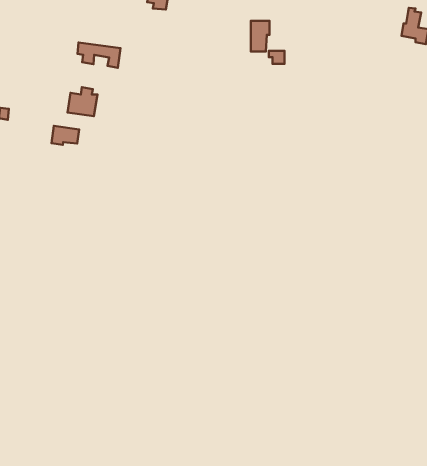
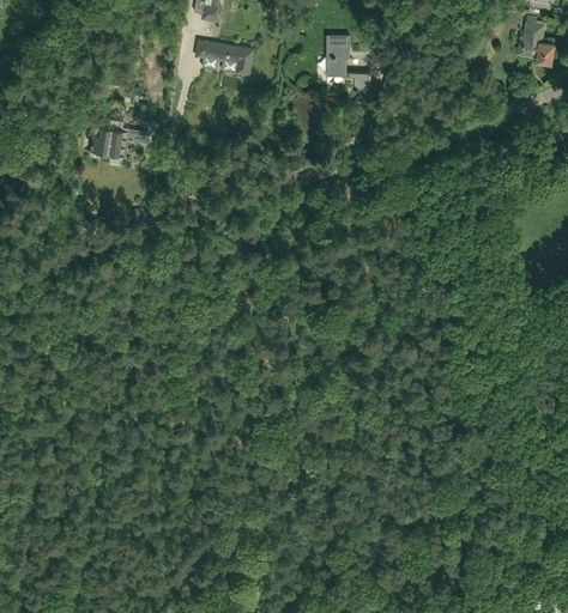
building: [77,43,120,68] -> [197,43,252,75]
building: [51,126,79,145] -> none

